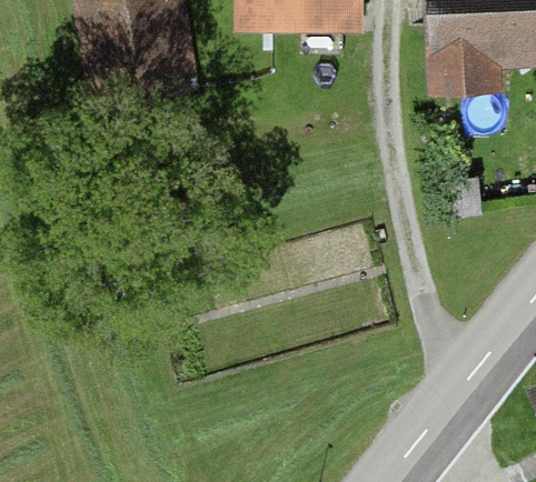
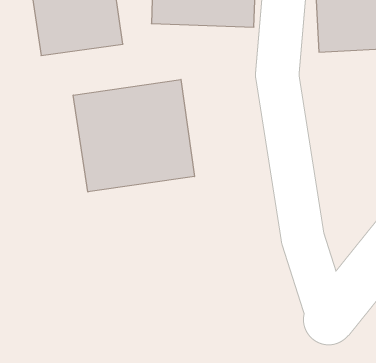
building: none -> [73,79,194,192]

